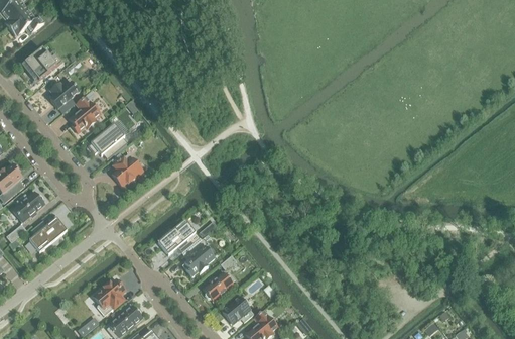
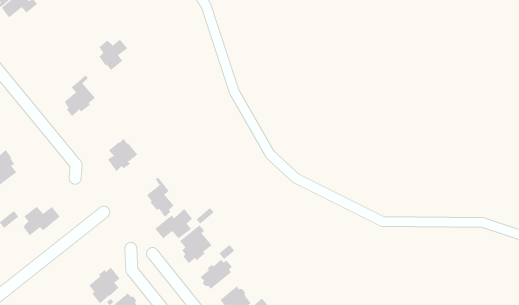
building: [21,47,62,80] -> none
building: [50,82,80,113] -> [98,39,128,71]
building: [88,123,127,159] -> none
building: none -> [146,177,174,218]
building: [12,192,45,222] -> none

